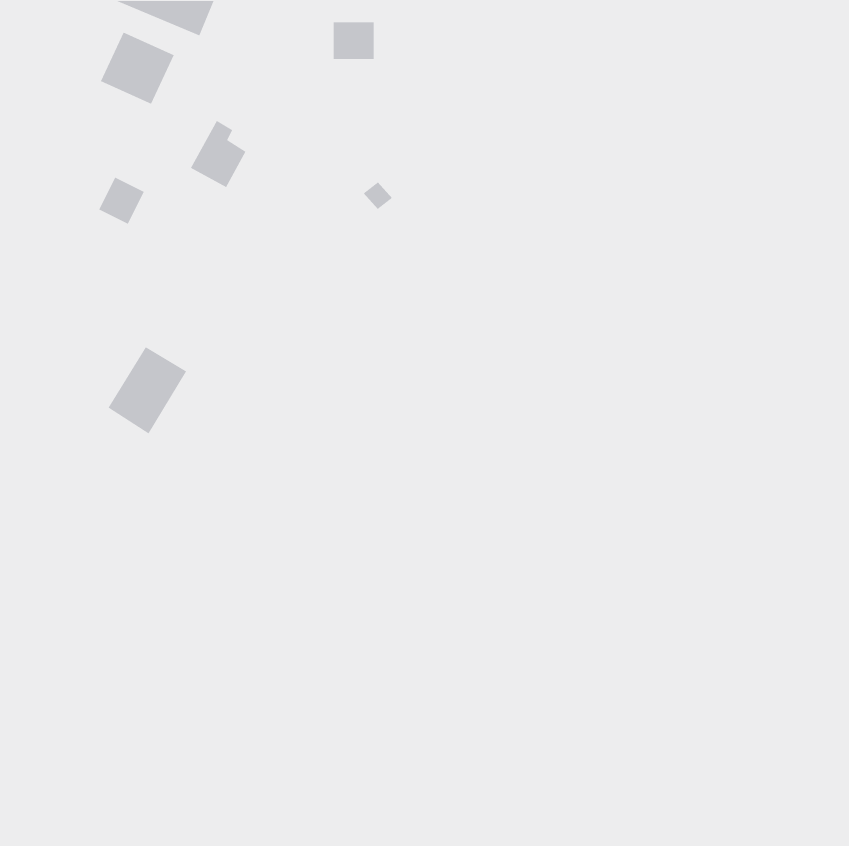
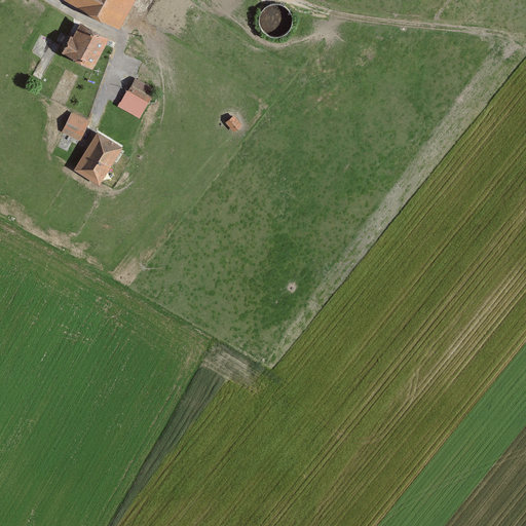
building: [333,21,375,60] -> [261,10,287,34]
building: [107,346,187,434] -> [73,132,122,186]

